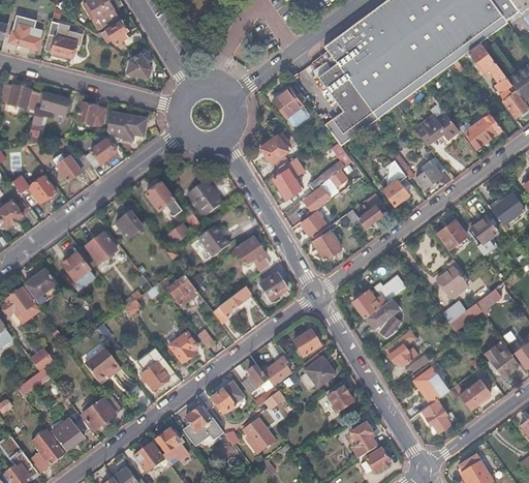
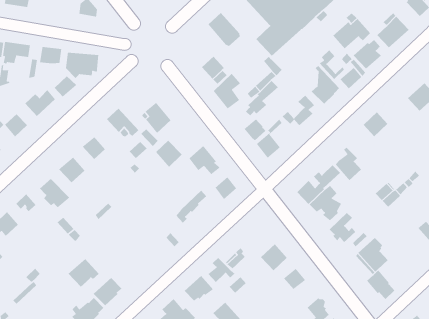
building: none -> [353,39,382,70]
building: [465,215,498,255] -> none
building: [437,259,467,298] -> [335,147,362,181]
building: [167,276,198,307] -> none
building: [292,329,320,357] -> none
building: [168,333,197,363] -> none
building: [141,359,175,391] -> [93,277,122,306]
building: [459,380,491,409] -> none

